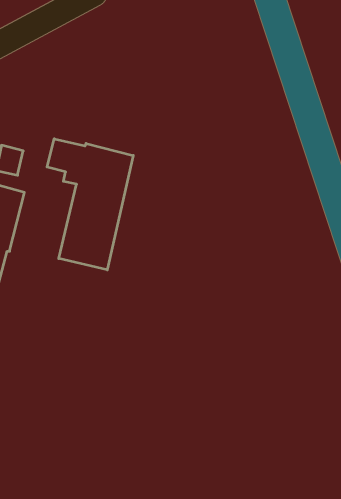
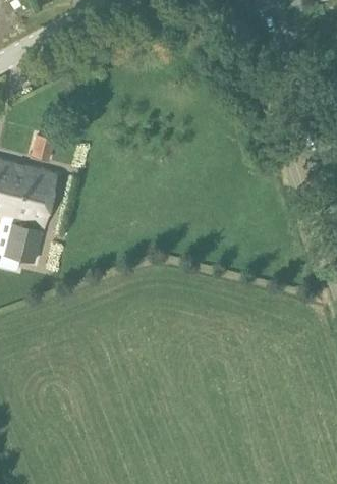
building: [47,139,133,270] -> none

